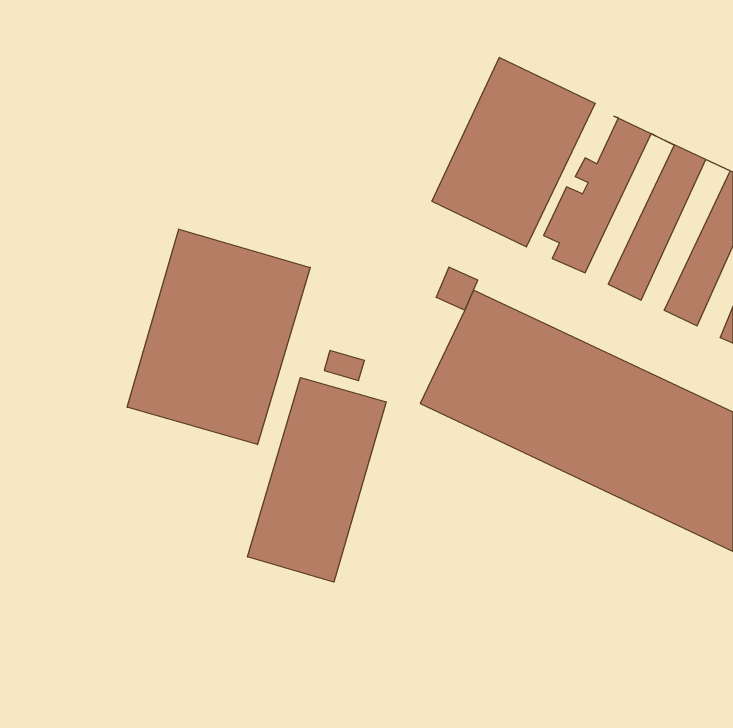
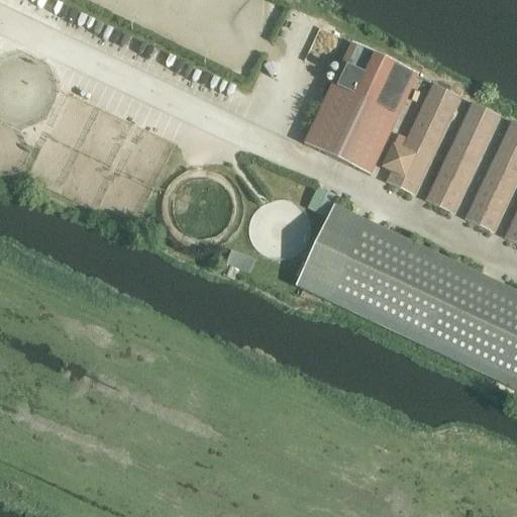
building: [127,229,310,445] -> none
building: [248,378,386,582] -> none

